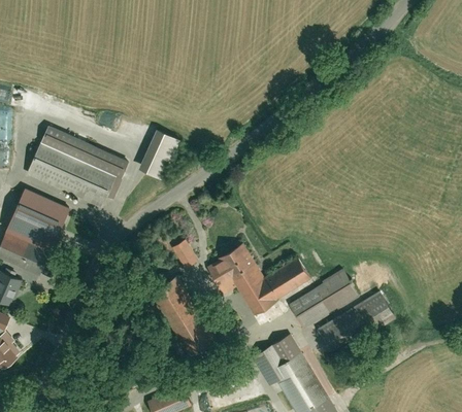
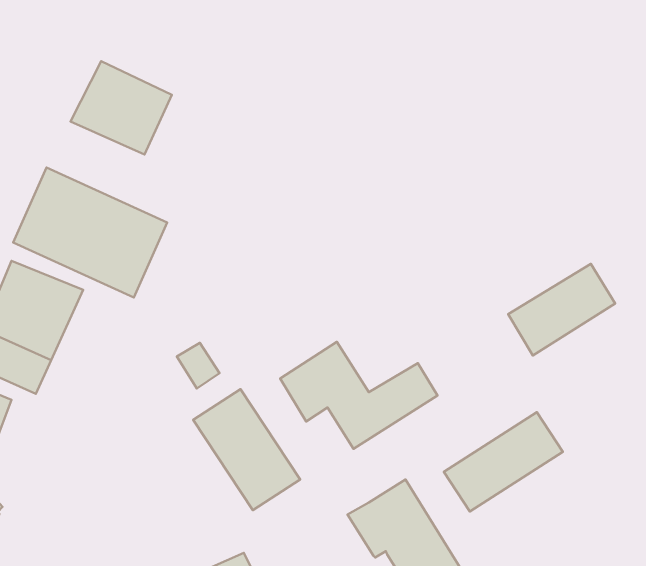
building: none -> [71,61,172,154]
building: [138,128,182,179] -> none
building: [169,240,198,271] -> [177,343,220,389]
building: [287,269,359,331] -> [508,264,615,356]

